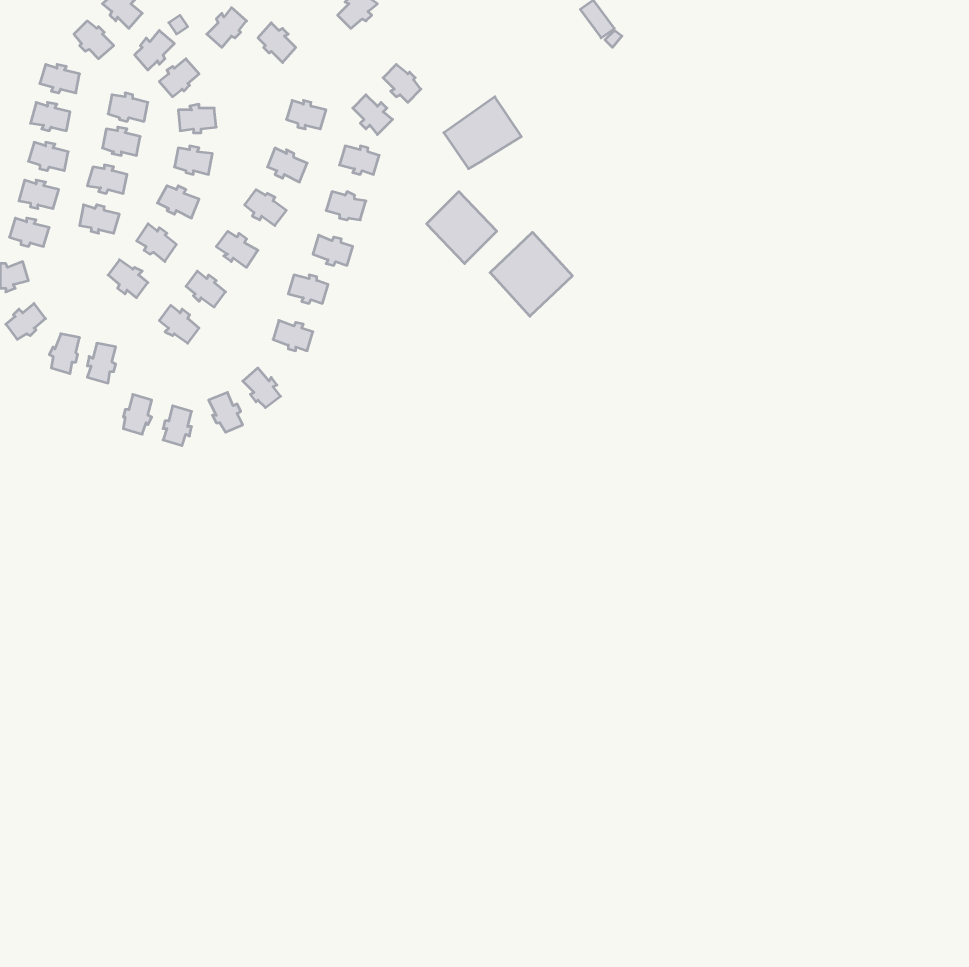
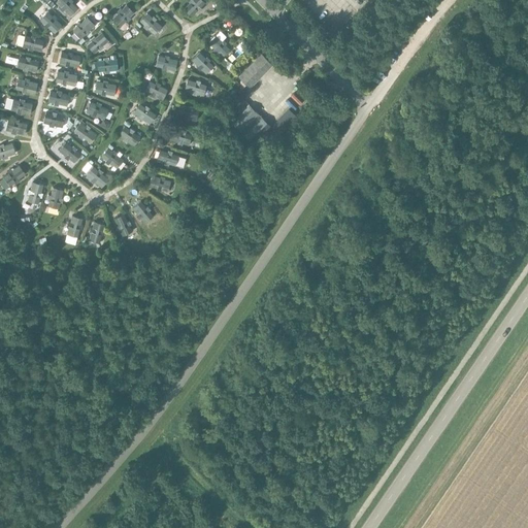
building: [490,232,572,316] -> none

